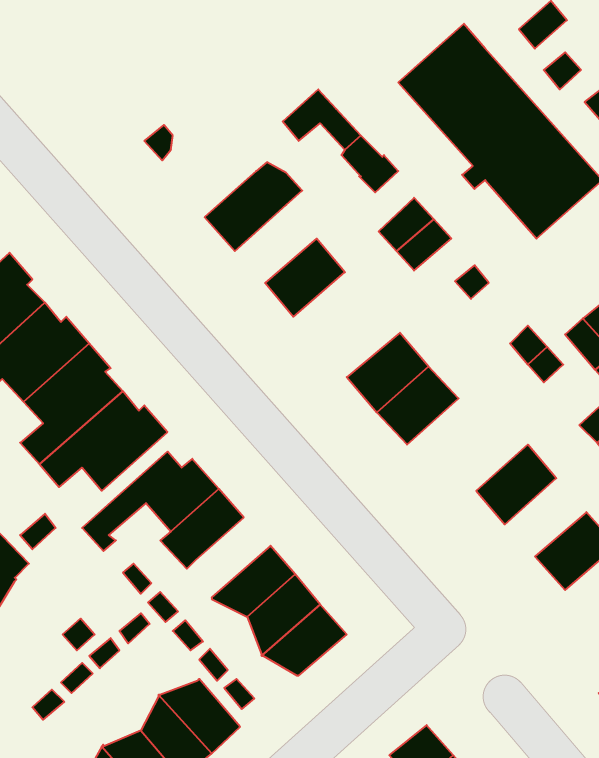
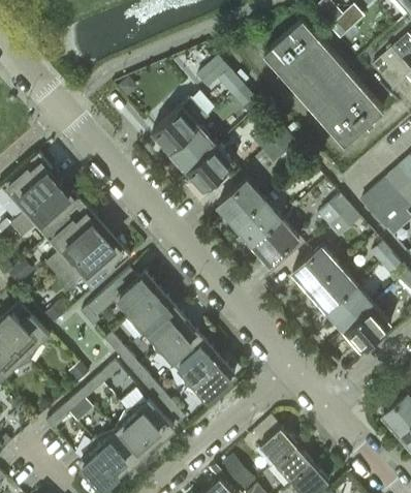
building: none -> [169,126,217,172]
building: none -> [218,181,265,226]
building: none -> [292,247,340,292]
building: none -> [326,285,374,331]
building: none -> [147,308,190,355]

